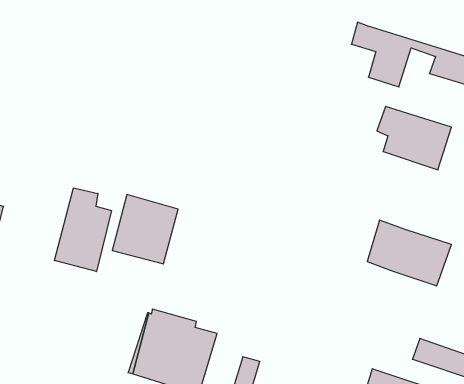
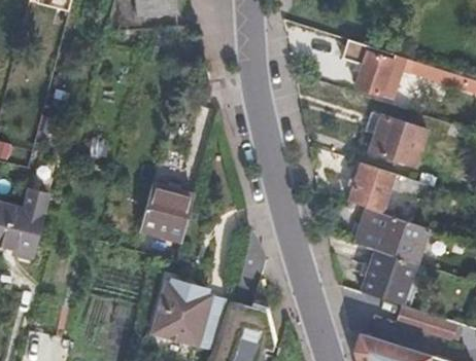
building: none -> [347,161,429,215]
building: [54,188,111,272] -> none
building: none -> [363,250,415,305]

